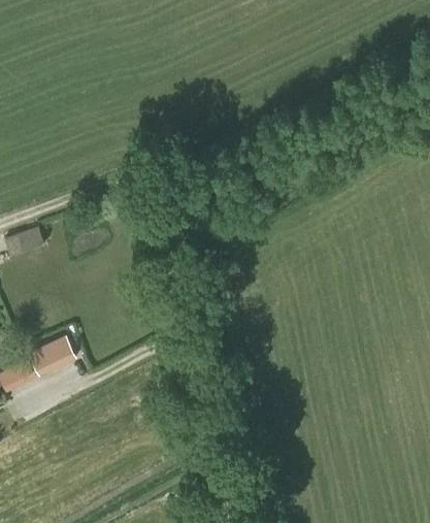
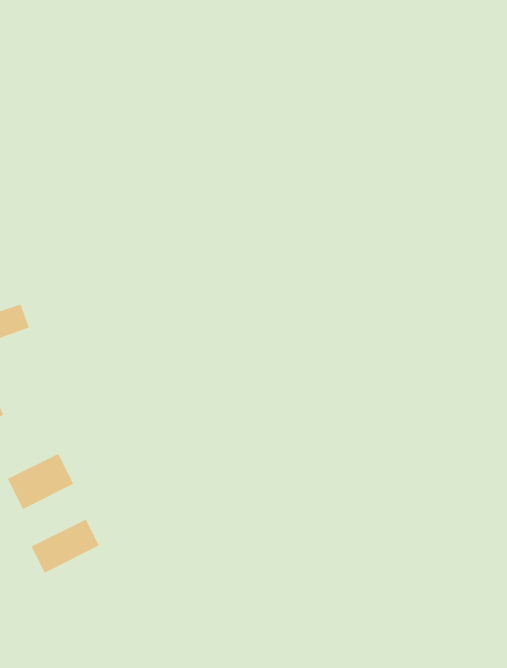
building: none -> [30,518,100,574]

